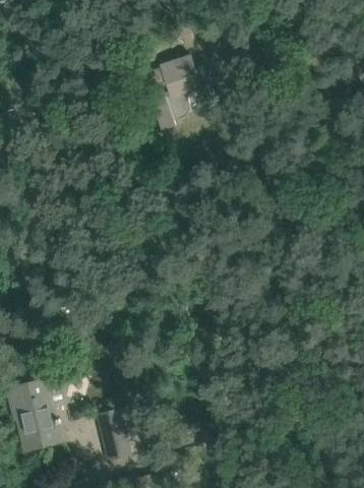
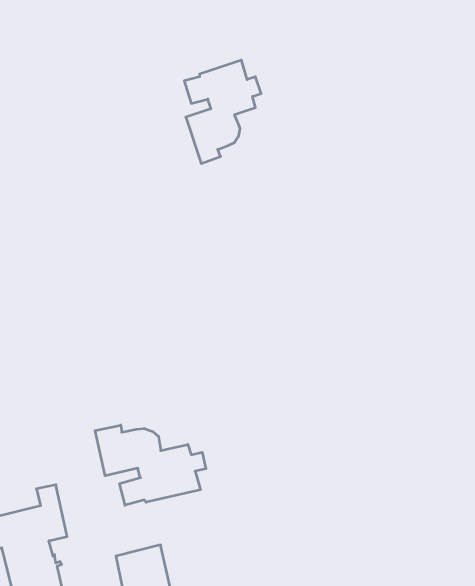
building: none -> [95,425,206,505]

